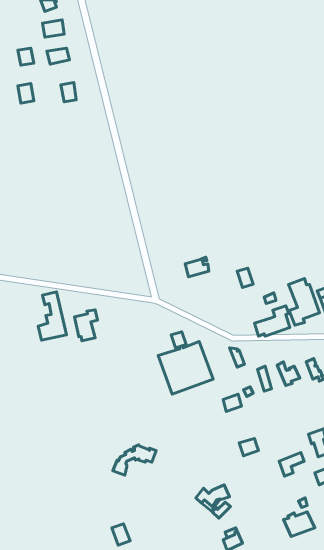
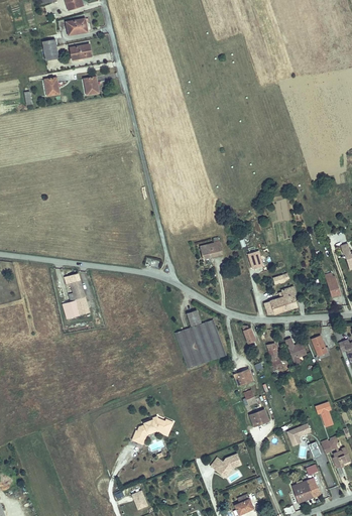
building: [288,279,319,325] -> none
building: [74,310,97,341] -> none

